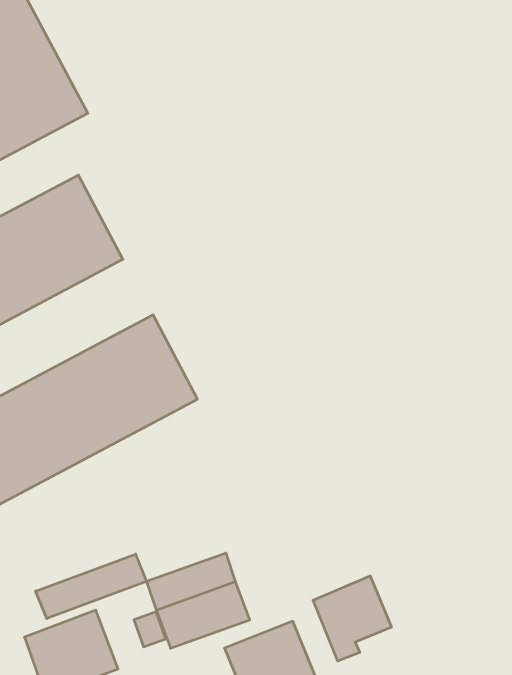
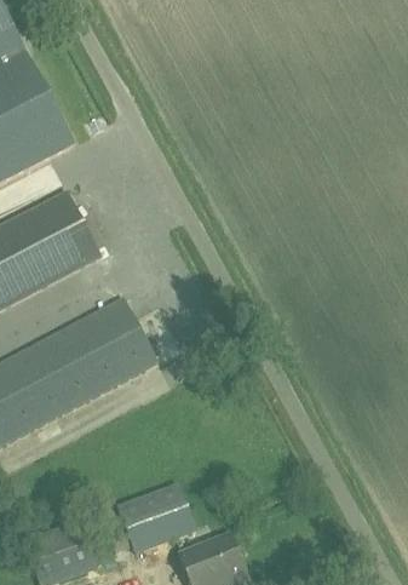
building: [36,554,147,619] -> none
building: [313,576,391,661] -> none

